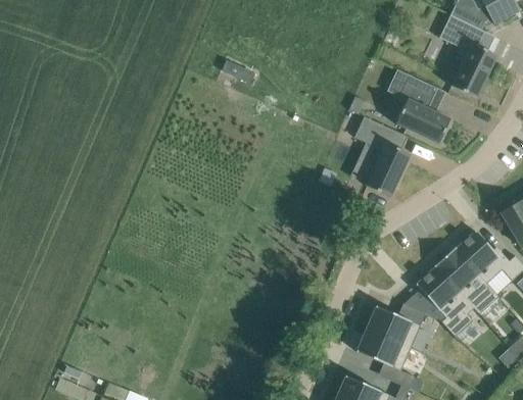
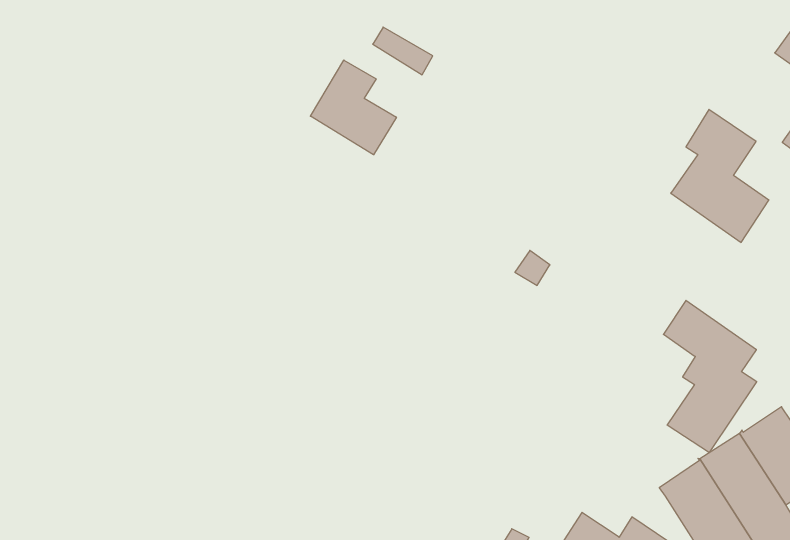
building: none -> [310,60,396,155]
building: [354,115,410,196] -> [663,300,757,453]

